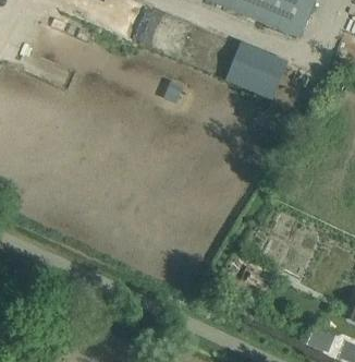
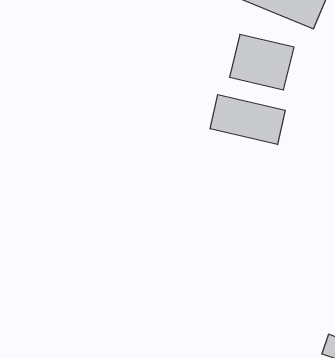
building: none -> [210,95,285,145]

